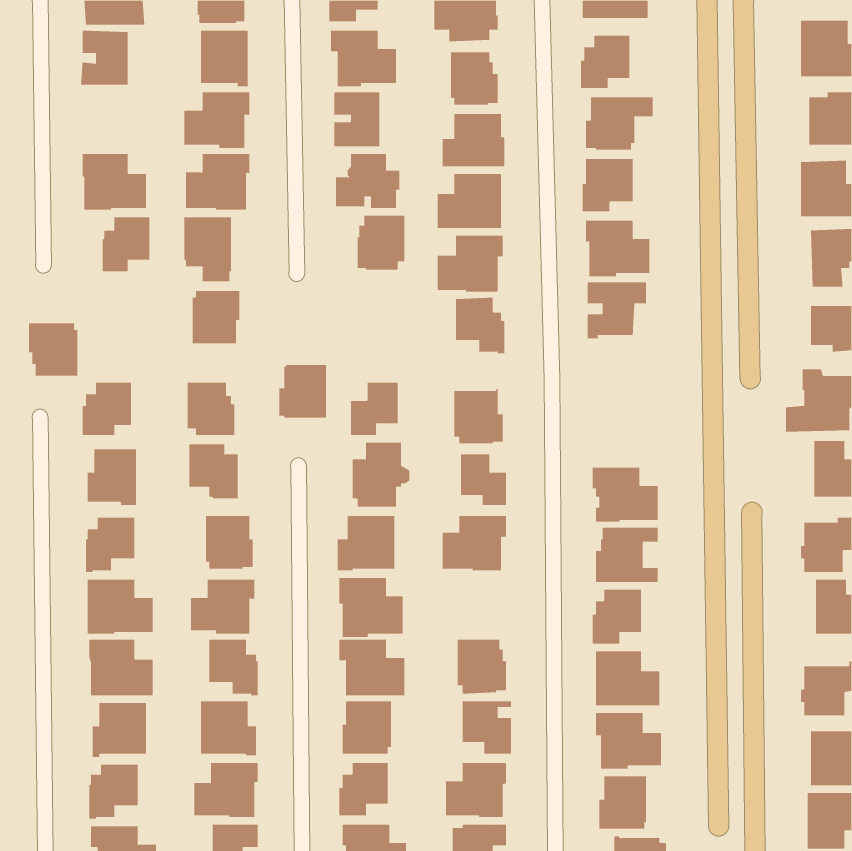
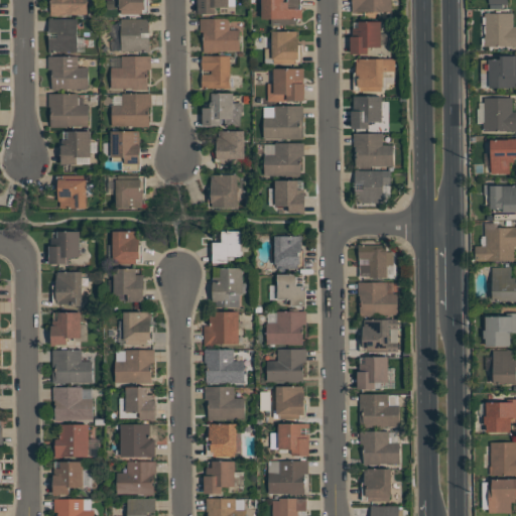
building: none -> [48,56,89,91]
building: [28,323,78,376] -> [56,176,87,209]
building: [279,365,327,418] -> [209,175,238,208]
building: none -> [359,245,387,278]
building: none -> [267,350,306,383]

